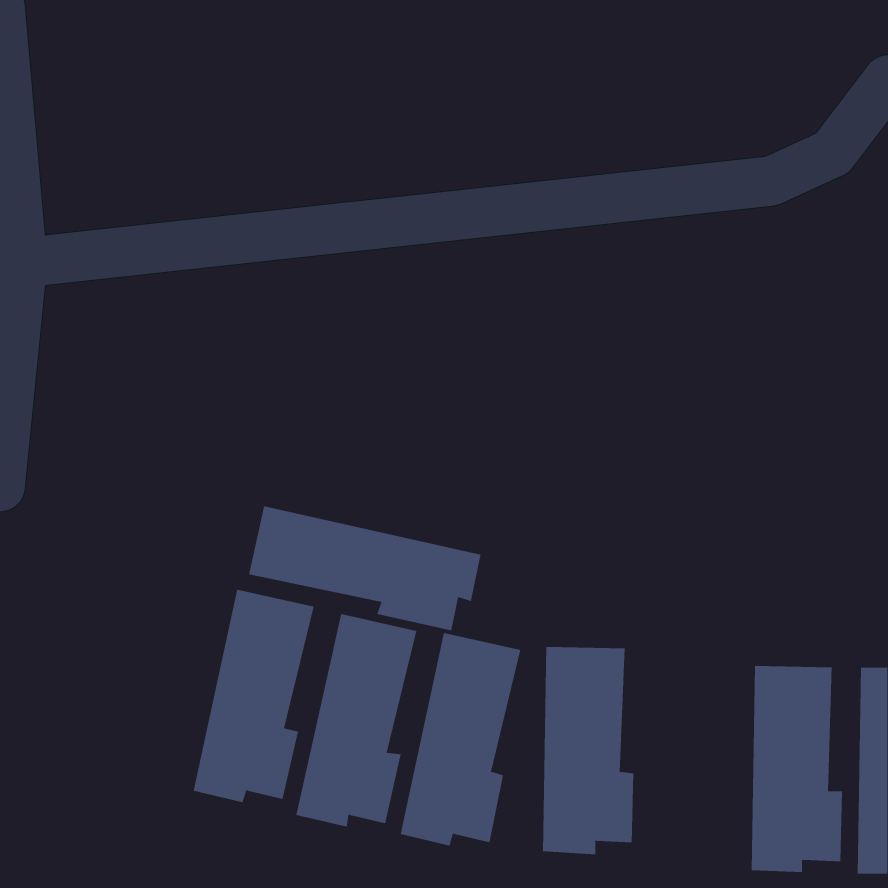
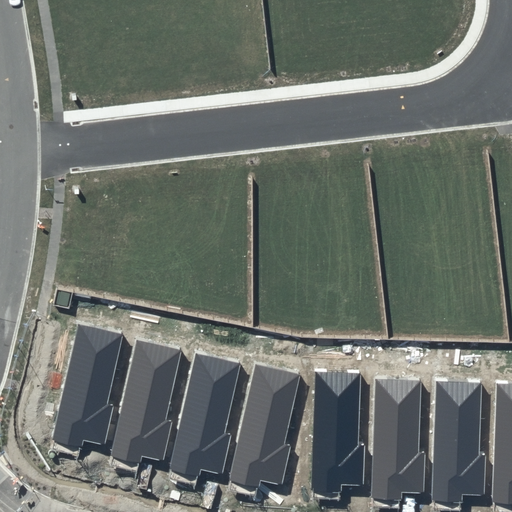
building: [249,506,481,631] -> none
building: none -> [53,324,123,447]
building: none -> [372,380,425,499]

